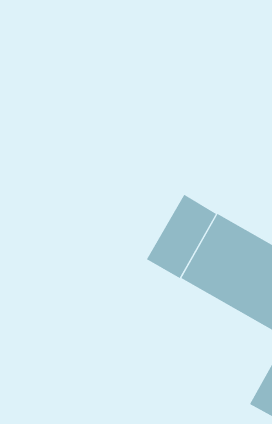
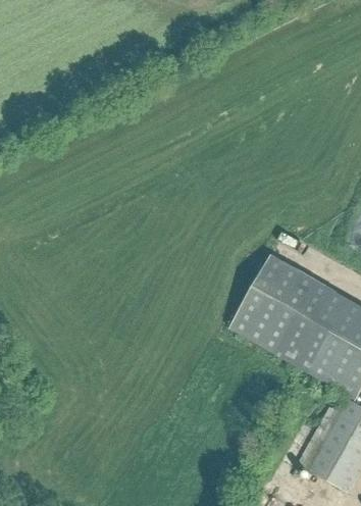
building: [146,194,217,279] -> none

